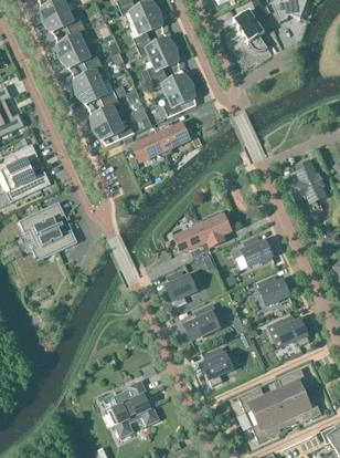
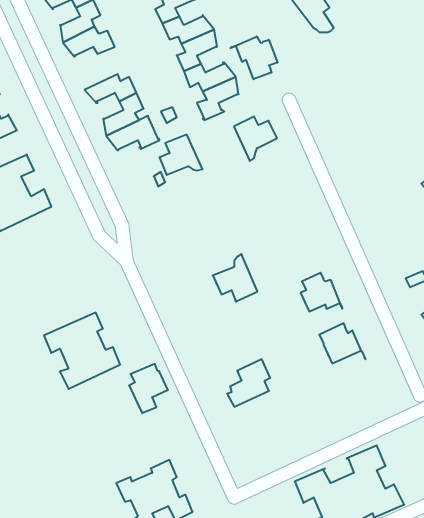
building: none -> [230,36,278,79]
building: [74,61,103,94] -> none
building: [155,121,188,155] -> [234,116,277,161]
building: [296,159,325,202] -> none
building: [19,201,77,260] -> [44,313,120,389]
building: [196,216,230,249] -> none
building: [166,269,195,306] -> [129,364,168,413]
building: [274,313,309,345] -> none
building: [202,346,232,385] -> none

